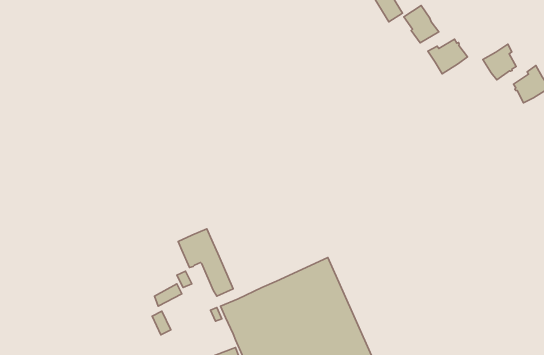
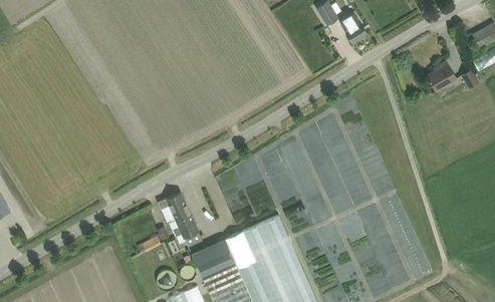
building: [428,39,467,74] -> none
building: [483,44,516,80] -> none

